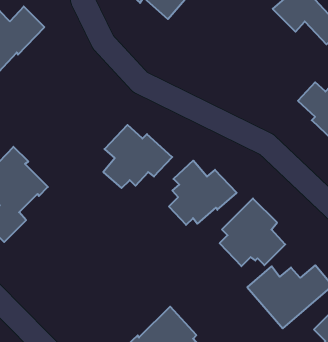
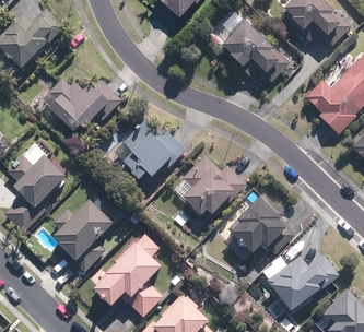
building: none -> [221,17,289,81]
building: none -> [47,79,121,134]
building: none -> [51,200,113,271]
building: none -> [90,233,165,318]

